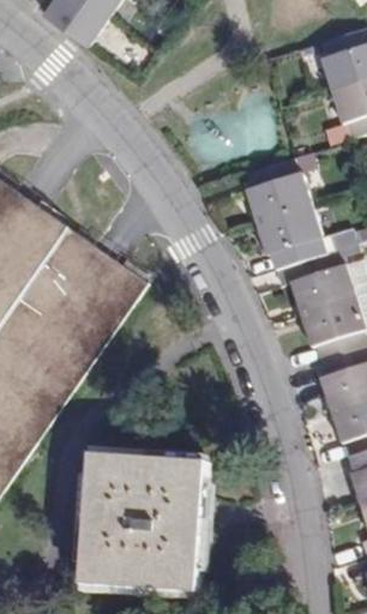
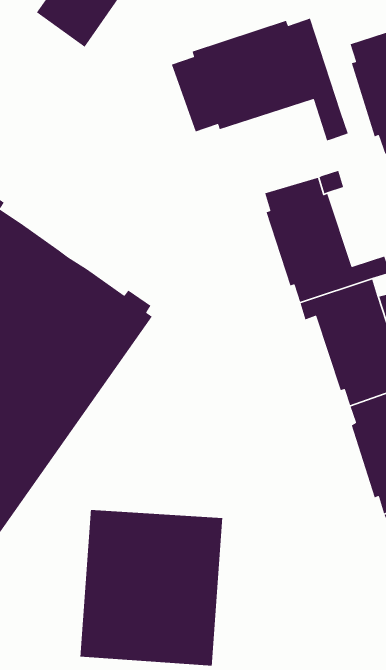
building: none -> [171,17,349,142]

